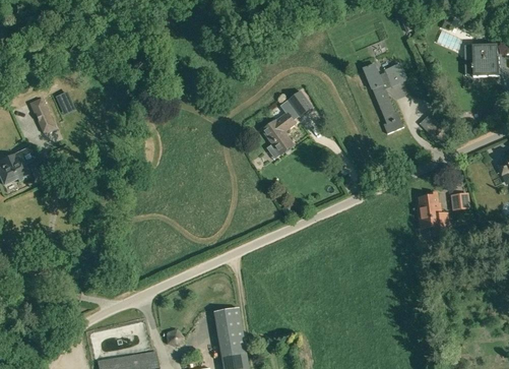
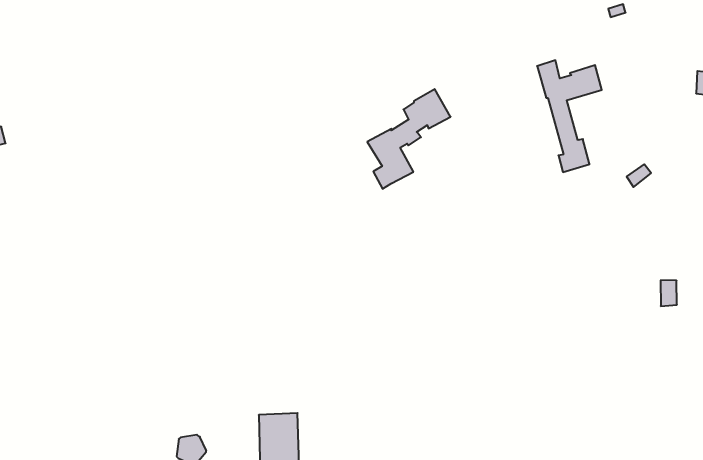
building: [28,97,56,133] -> none
building: [419,192,449,235] -> none

